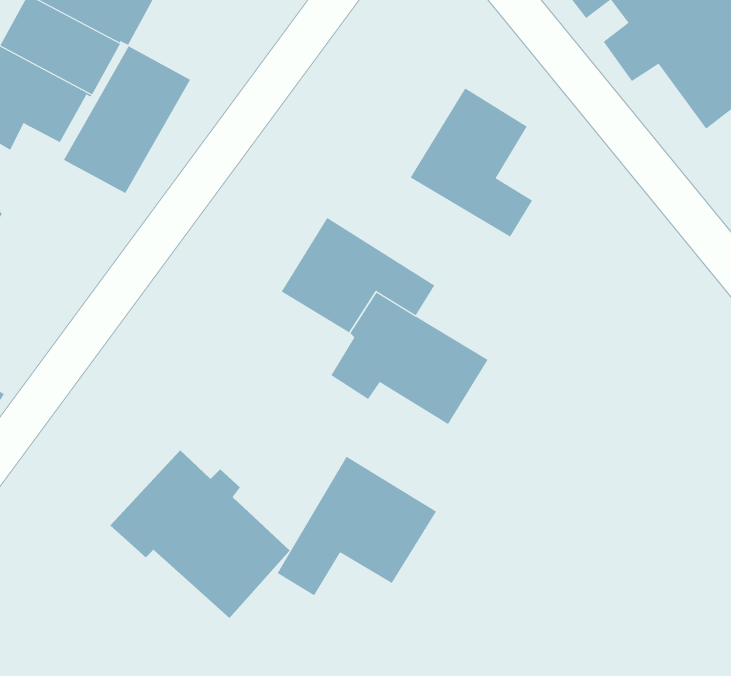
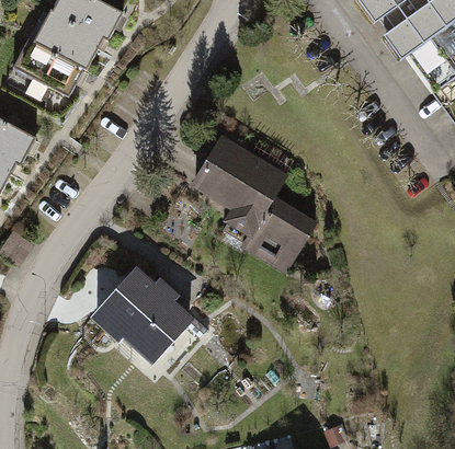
building: [63,46,191,194] -> none
building: [410,88,533,237] -> none
building: [277,456,437,596] -> none

